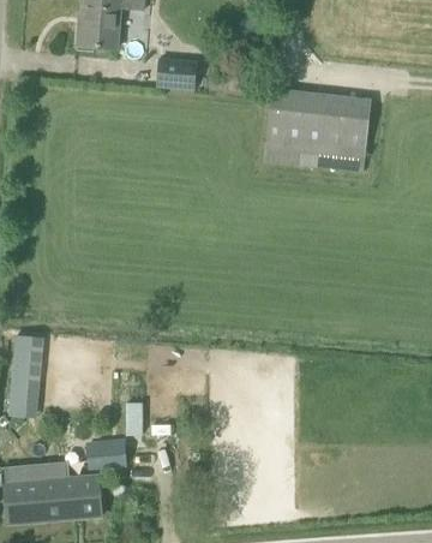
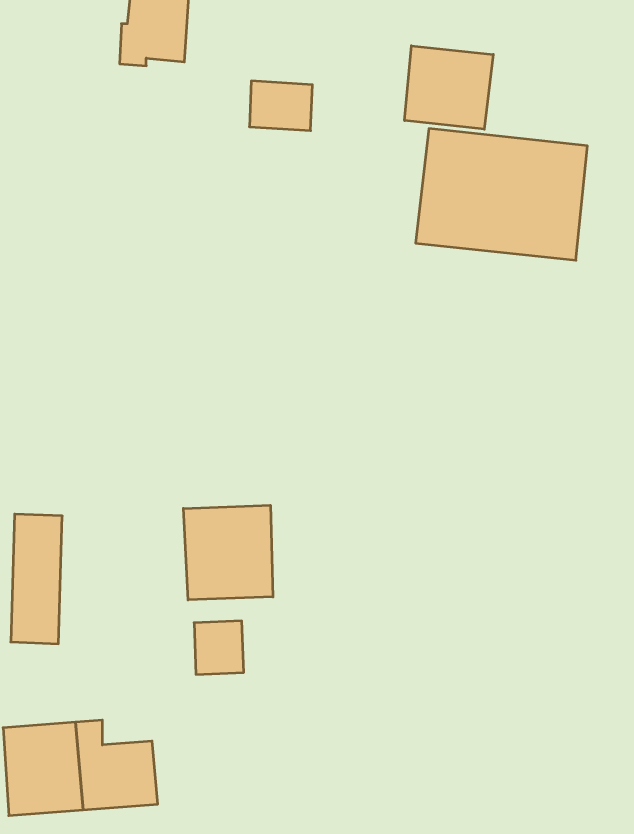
building: none -> [405,46,493,129]
building: none -> [183,505,273,600]
building: [86,443,127,467] -> none

